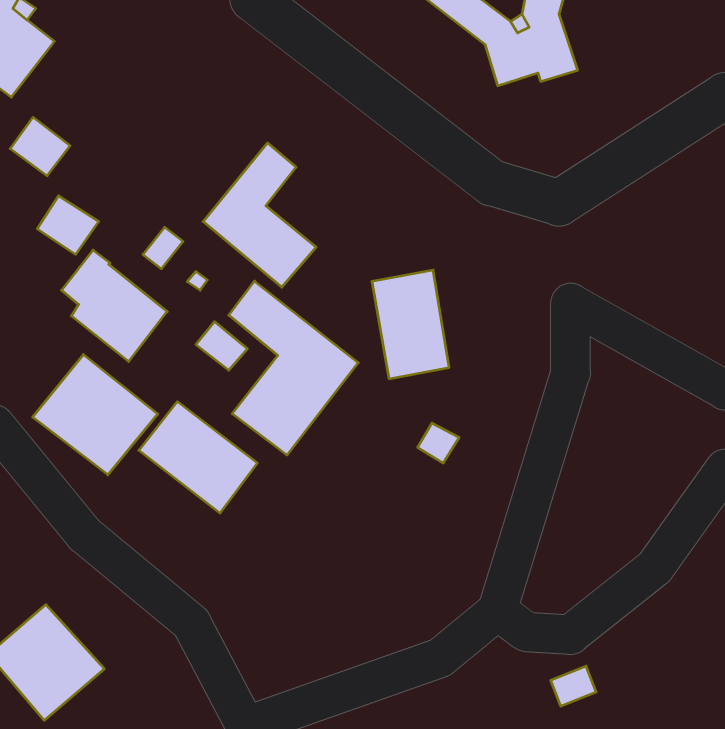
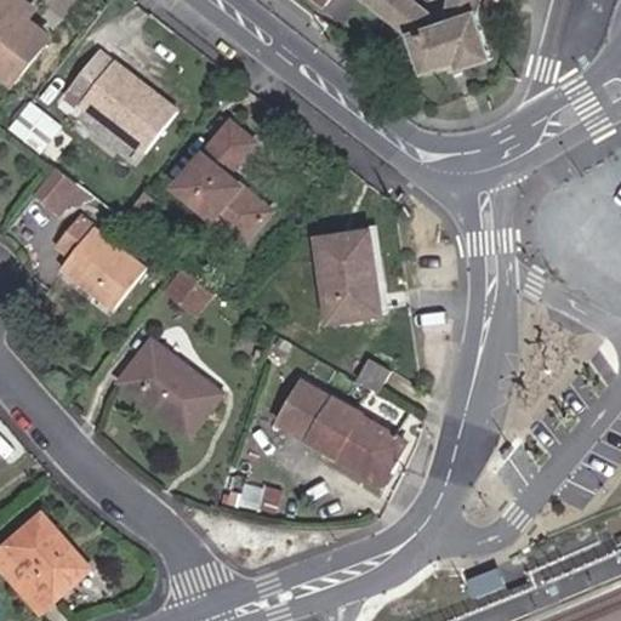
building: none -> [55,51,173,153]
building: [229,281,358,455] -> none
building: [33,354,158,475] -> none
building: none -> [277,378,405,484]

